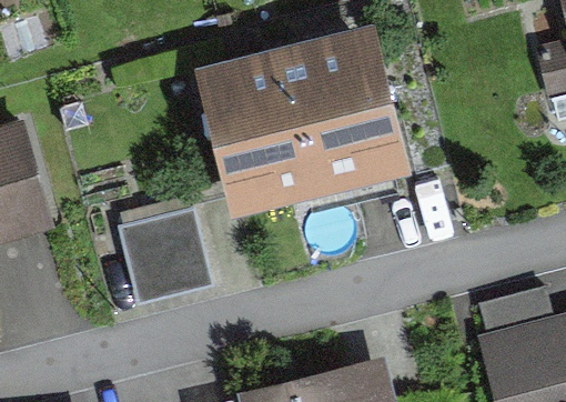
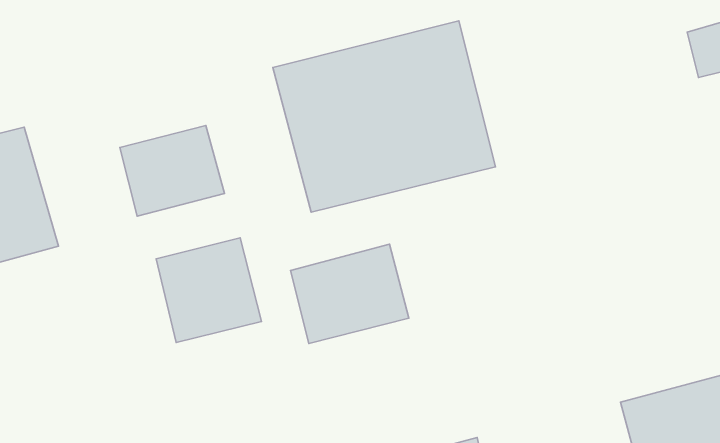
building: none -> [120,126,225,216]
building: none -> [290,244,409,343]

